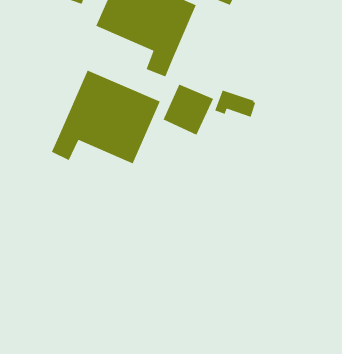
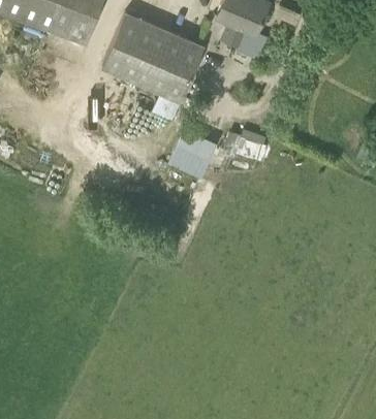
building: [51,69,161,164] -> none

